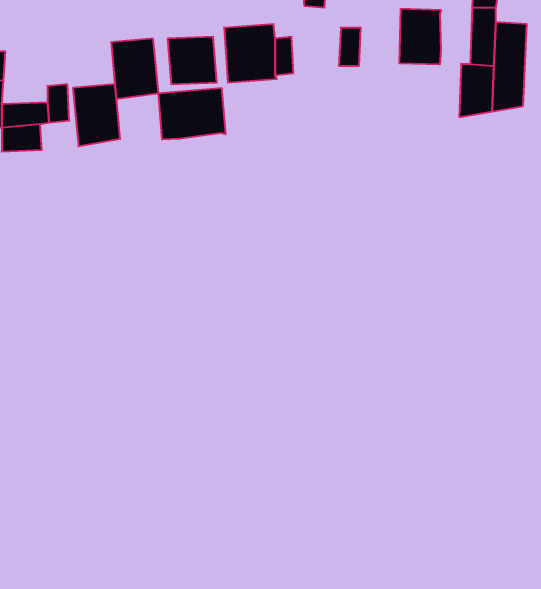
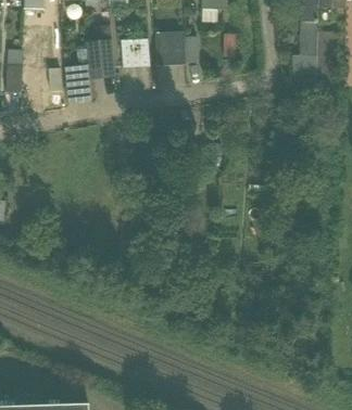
building: [399,9,441,65] -> none
building: [159,88,225,140] -> none

